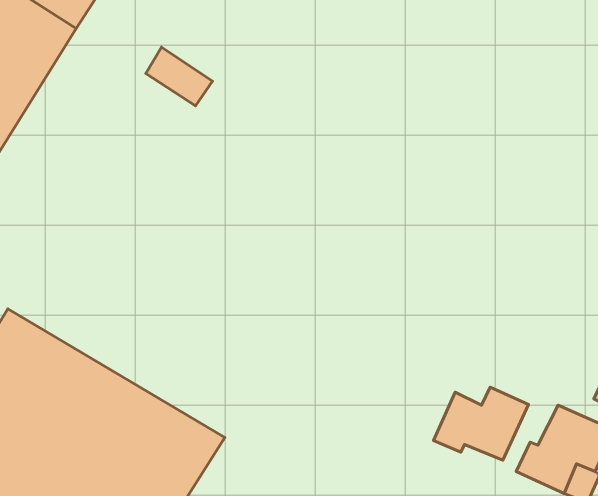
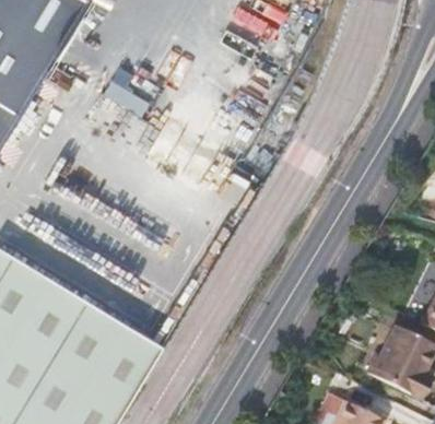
building: [433,387,528,460] -> none

